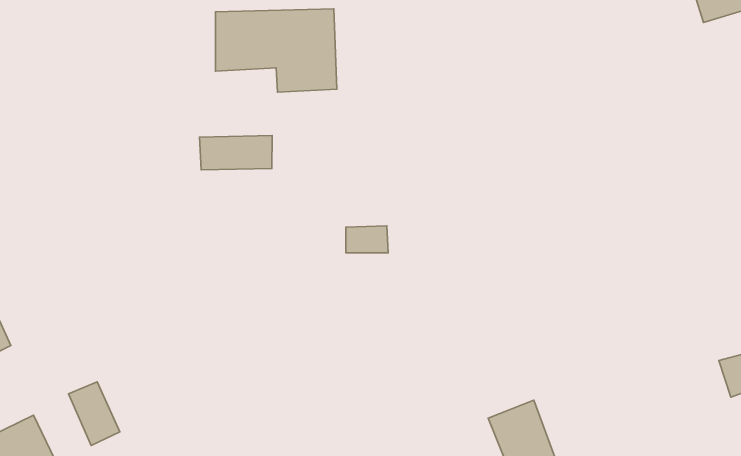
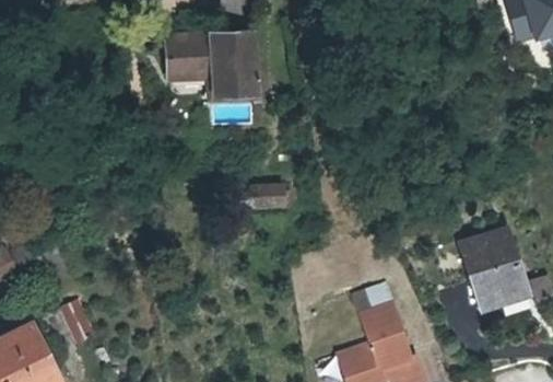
building: [200,135,272,170] -> none
building: none -> [462,233,522,299]

